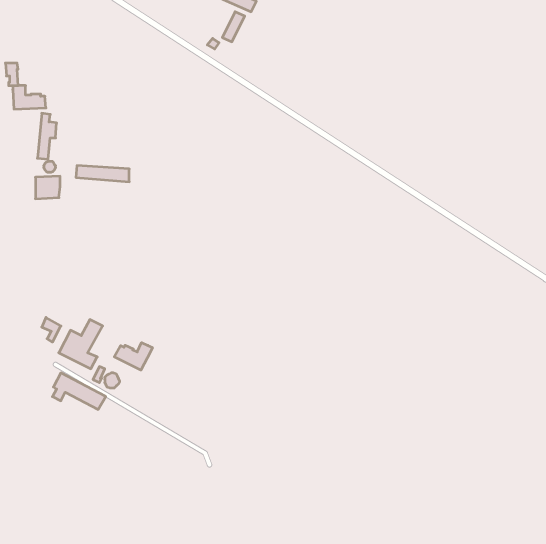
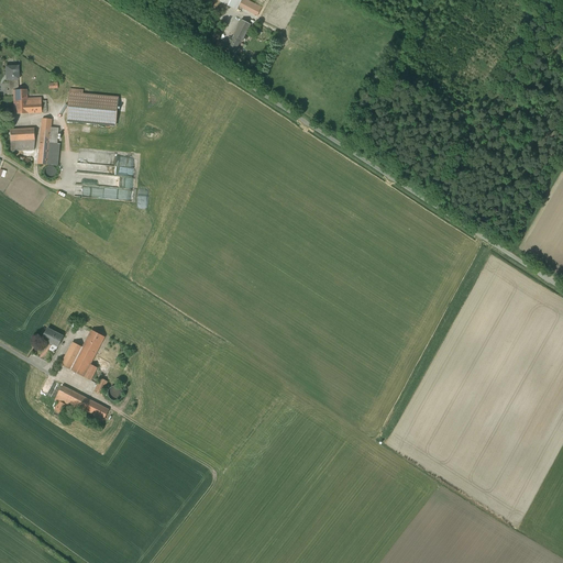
building: none -> [68,87,118,123]
building: [35,176,60,199] -> [10,126,35,150]
building: [114,343,152,370] -> none

